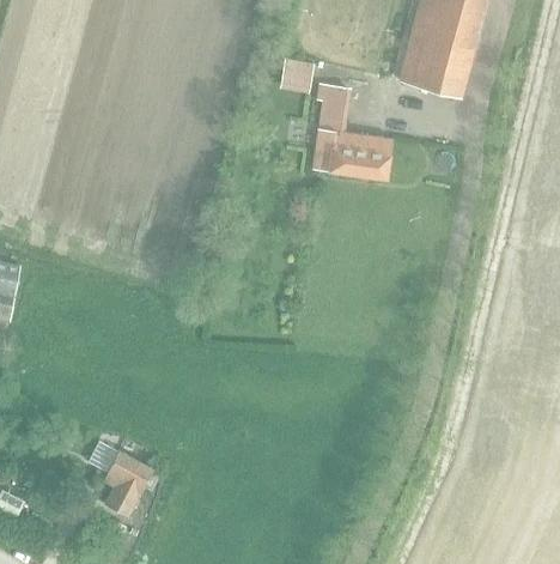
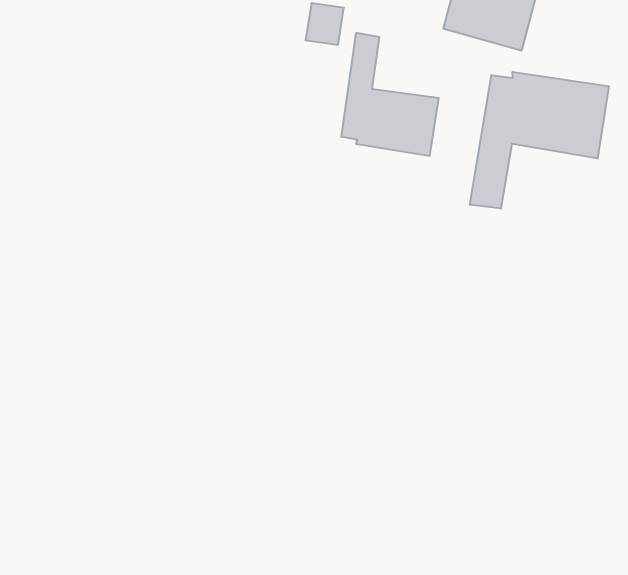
building: none -> [470,72,609,209]
building: [104,450,156,516] -> none

